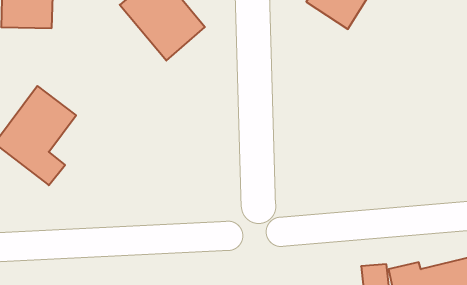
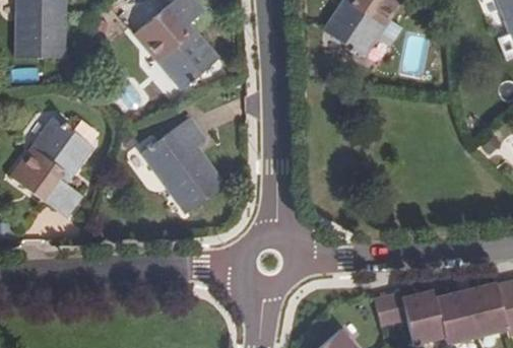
building: none -> [144,115,227,212]

